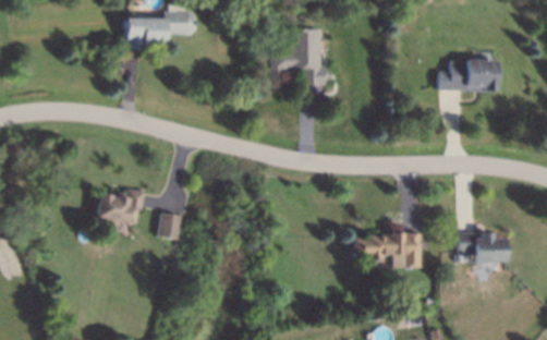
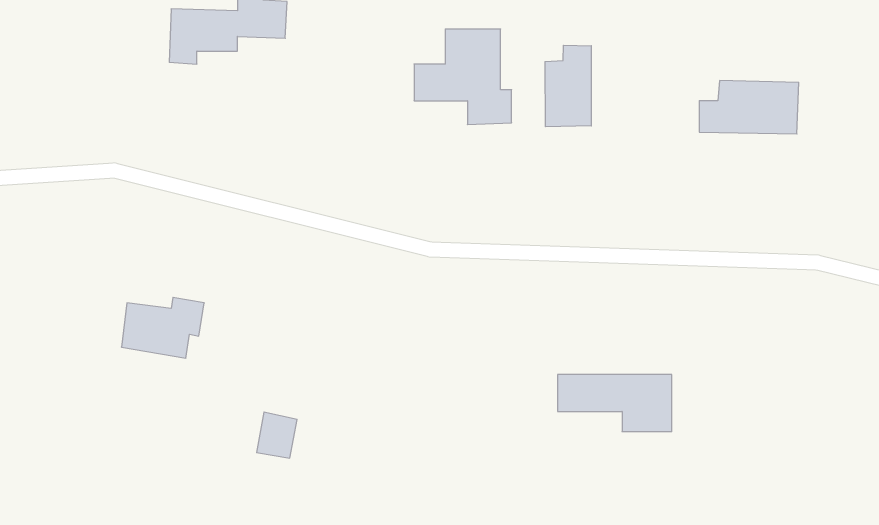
building: none -> [545,45,591,127]
building: [159,212,183,240] -> [257,412,297,458]
building: [459,232,507,263] -> none

